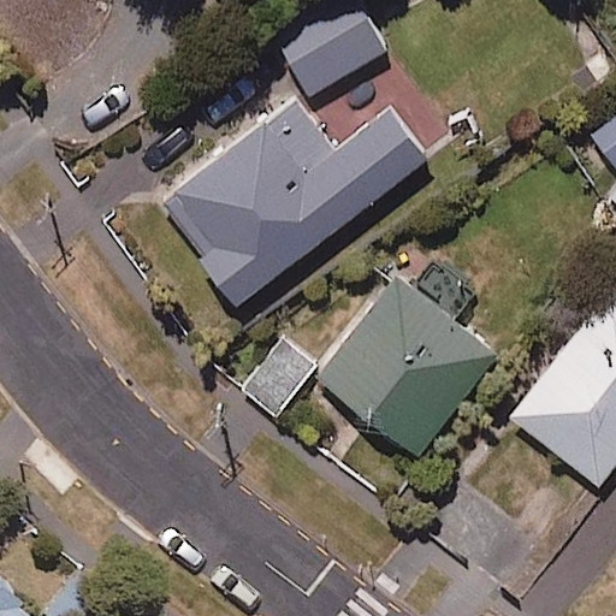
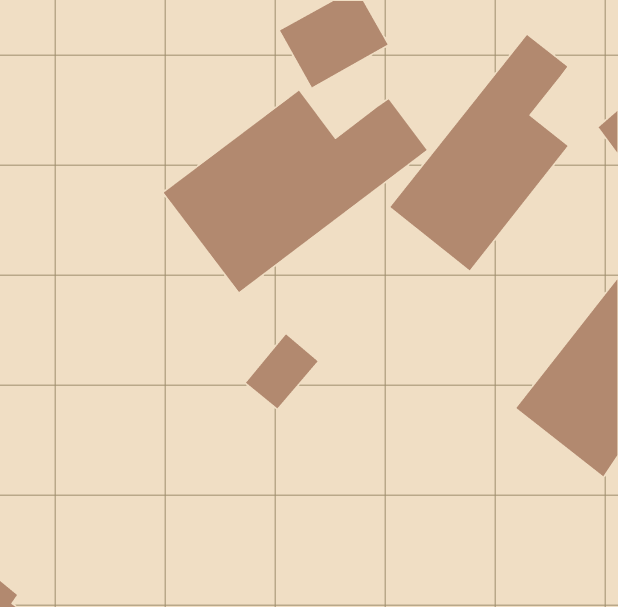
building: none -> [389,34,569,271]
building: [316,276,496,454] -> none

